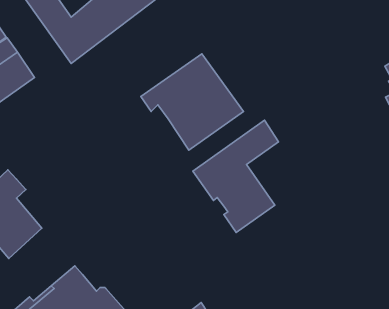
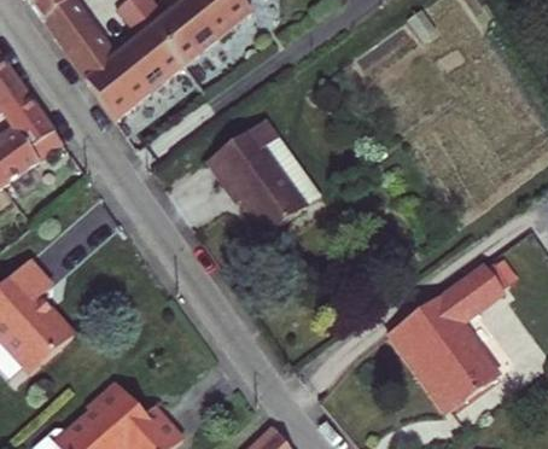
building: [193,120,279,232] -> [389,268,499,412]

